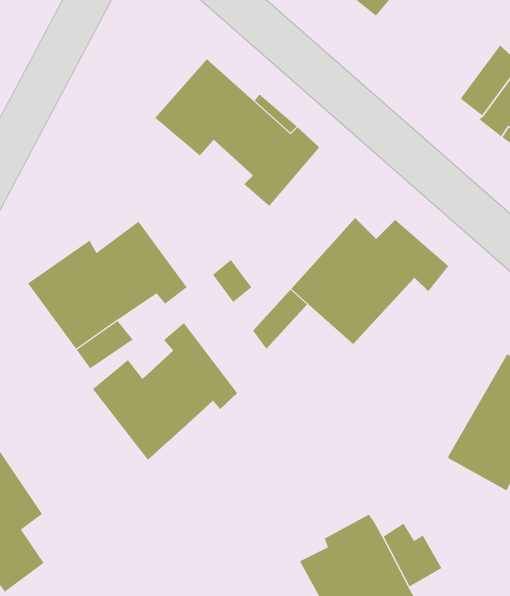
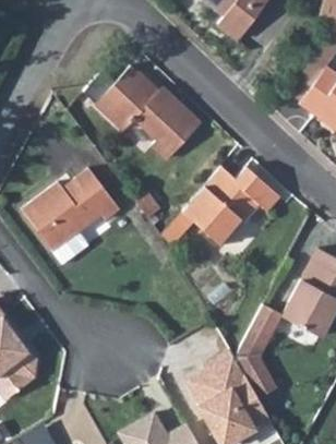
building: [92,322,238,460] -> none
building: none -> [236,304,281,367]

